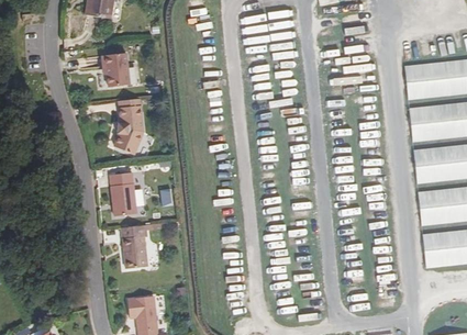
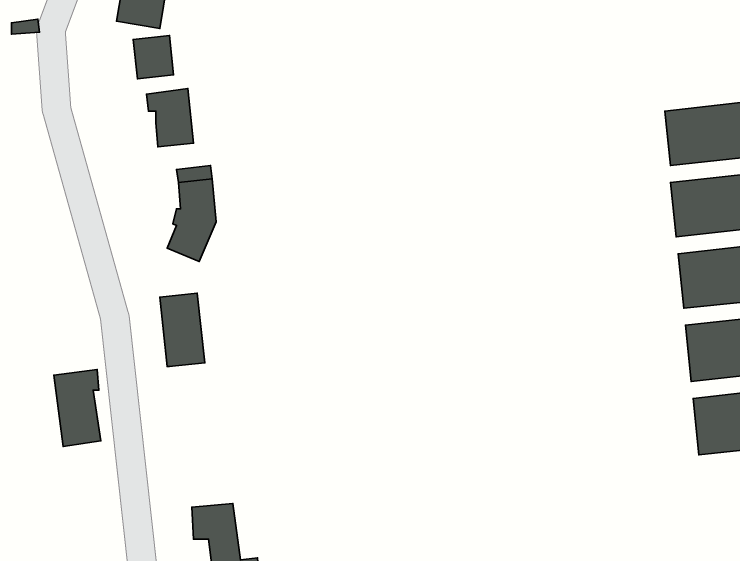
building: none -> [133,35,174,79]
building: [121,225,148,270] -> [54,370,101,447]

